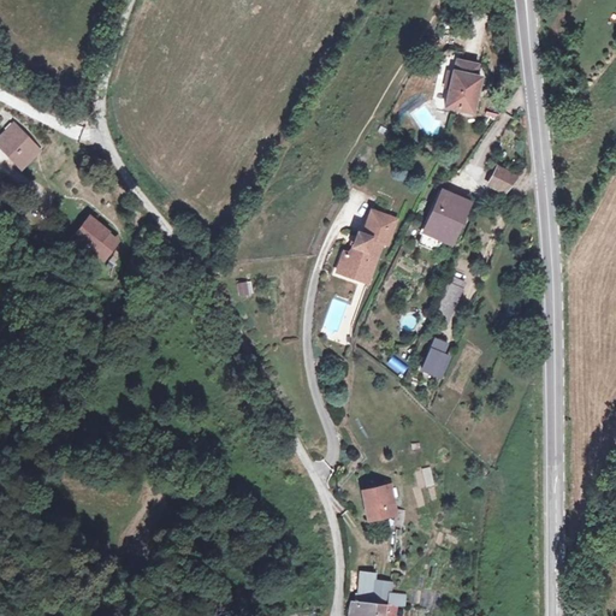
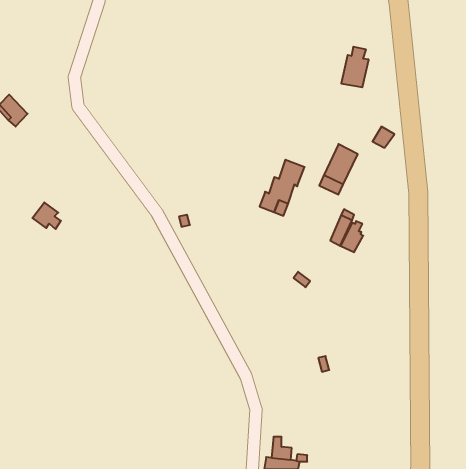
building: [78,215,116,250] -> [32,202,61,229]
building: [420,337,450,378] -> [340,221,363,252]
building: [359,486,393,515] -> none

